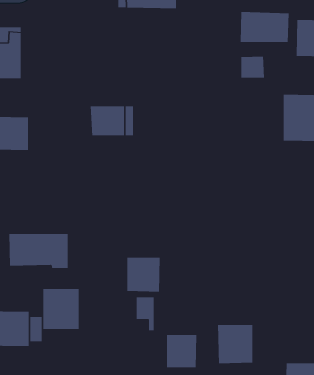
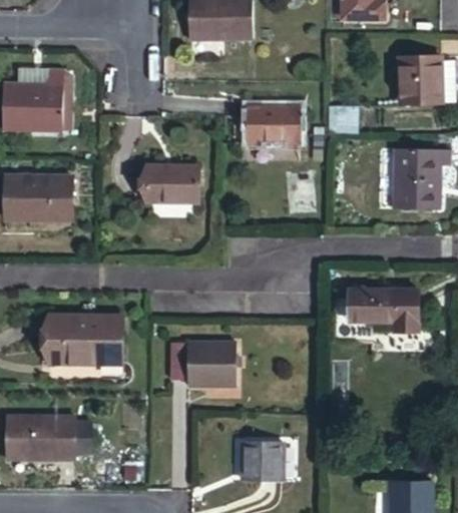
building: [240,11,289,42] -> [248,106,309,144]
building: none -> [347,287,417,330]
building: [43,288,79,330] -> none
building: [136,297,155,331] -> [169,349,192,391]
building: [218,324,253,364] -> none

